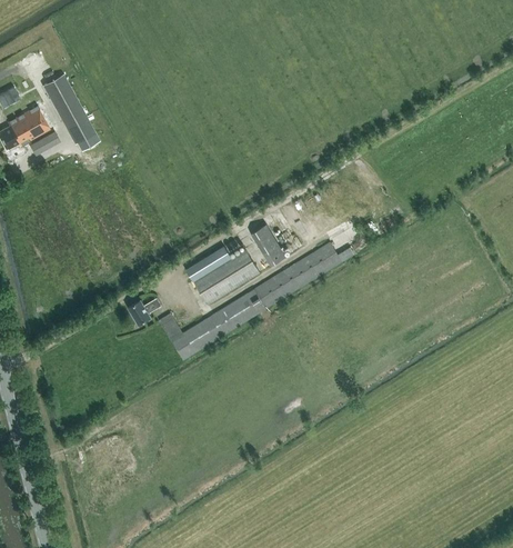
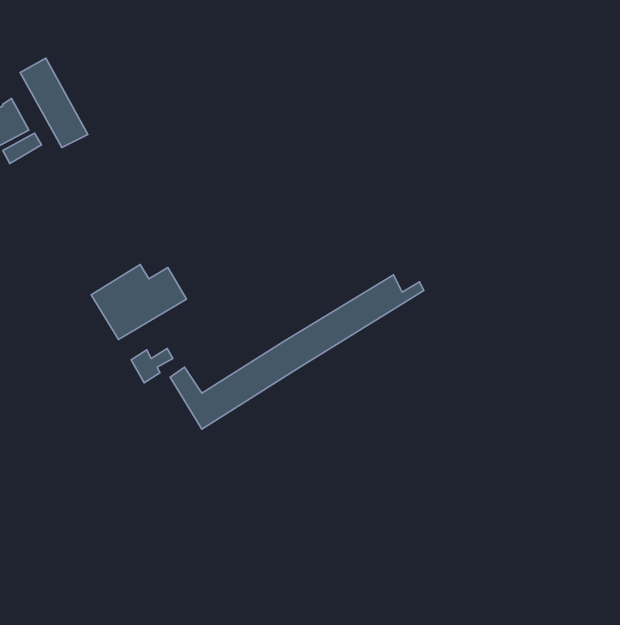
building: [251,223,285,265] -> none
building: [187,246,260,303] -> [91,265,186,340]

